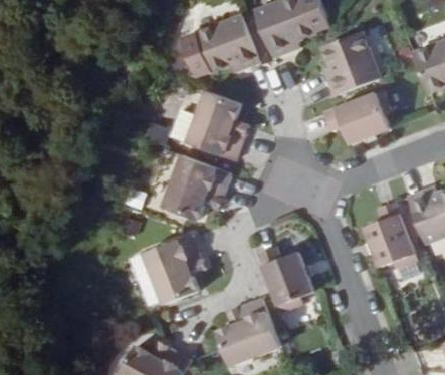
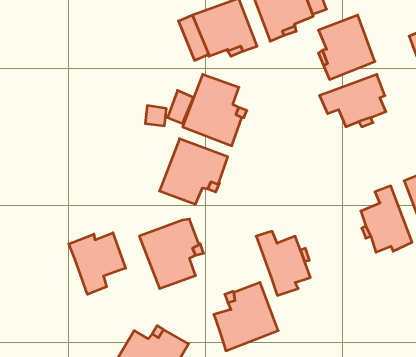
building: none -> [69,233,126,294]

